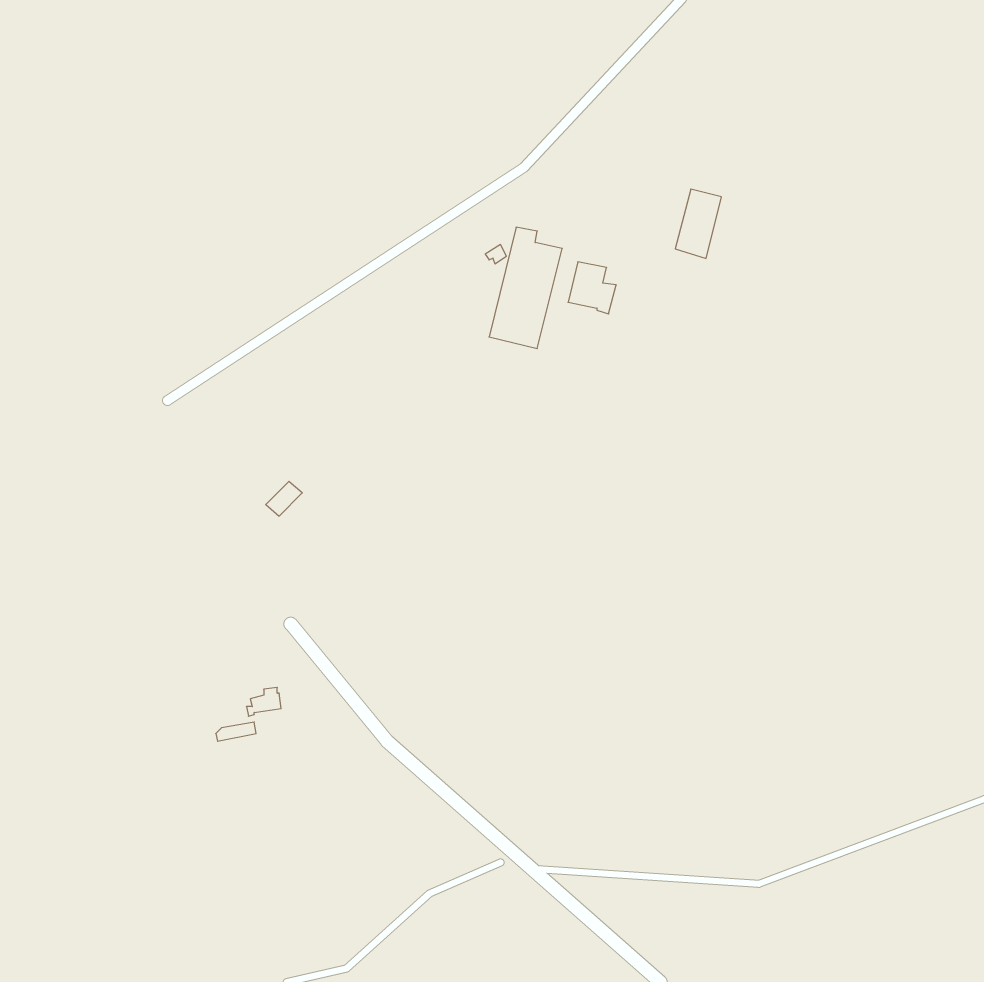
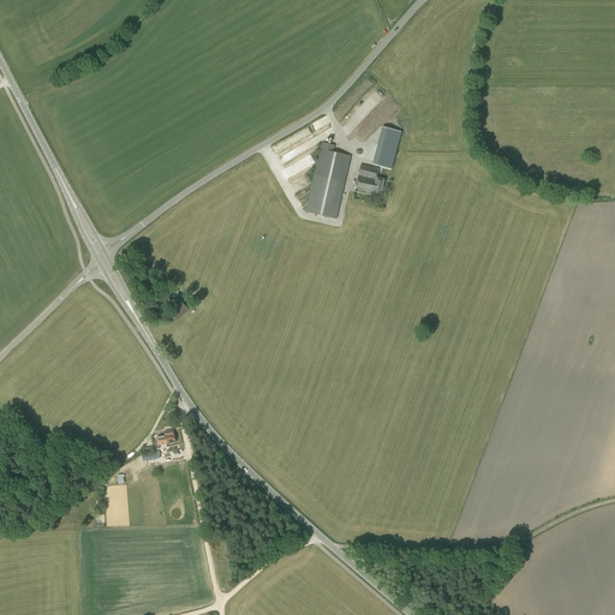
building: [675,189,721,258] -> [372,126,401,169]

